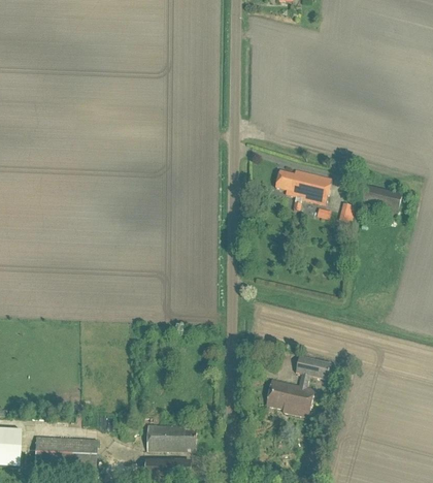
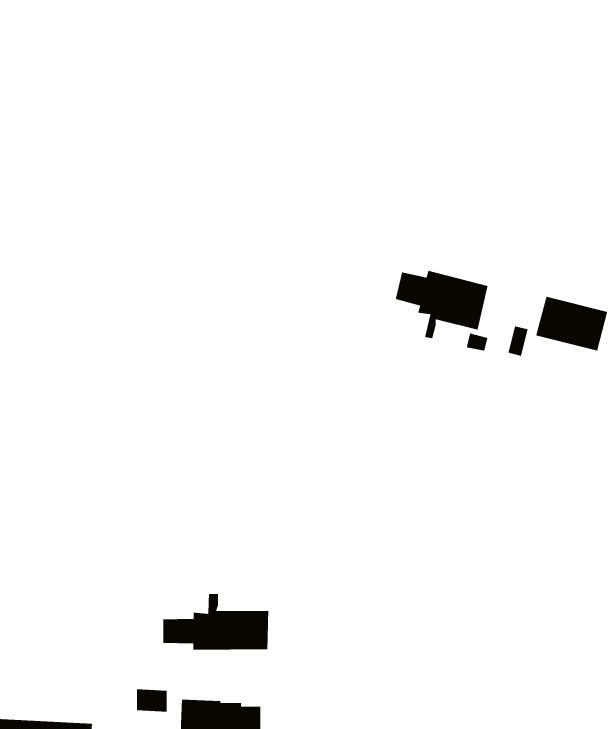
building: [266,354,331,416] -> none
building: none -> [162,593,269,650]

